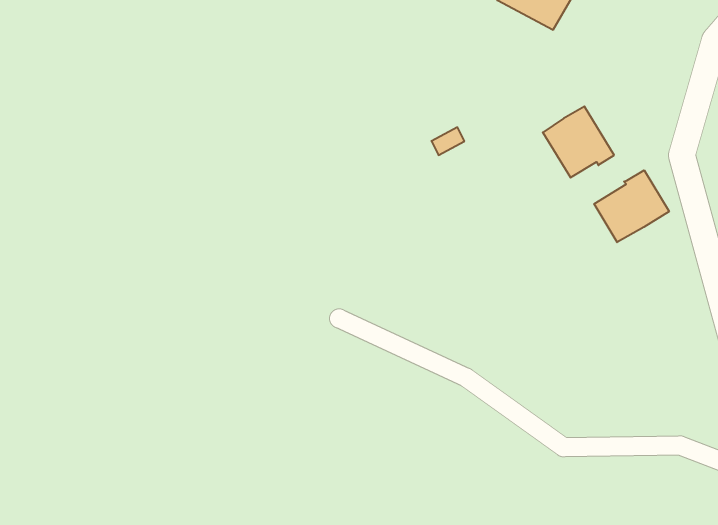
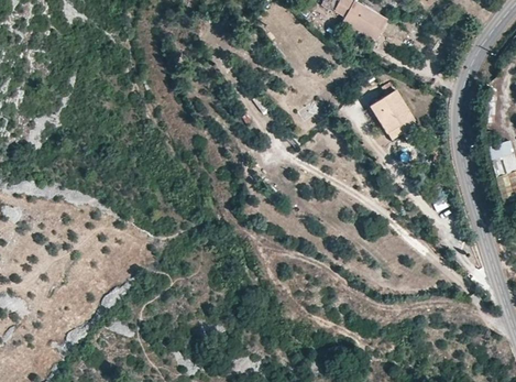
building: [594,170,669,242] -> none

